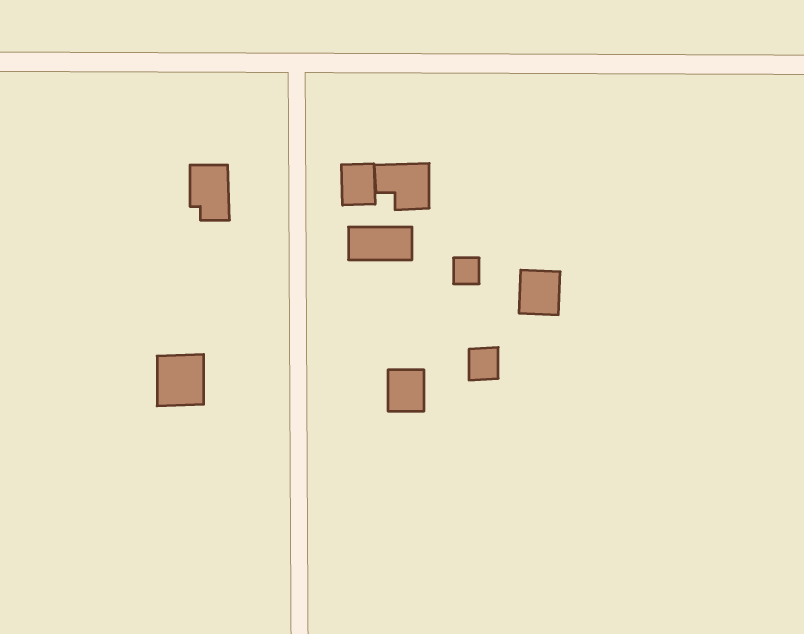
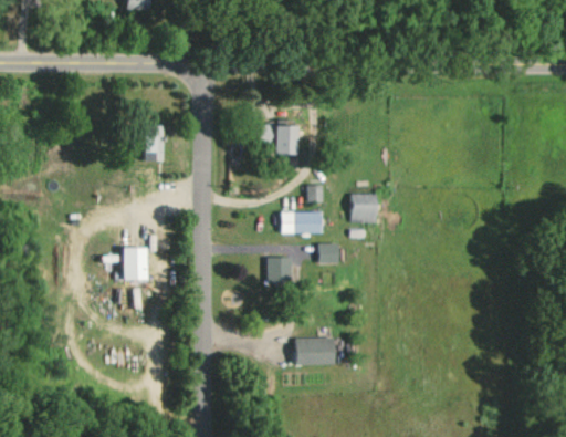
building: [341,164,375,205] -> none
building: [348,227,412,260] -> [280,212,321,233]
building: none -> [293,337,336,365]

